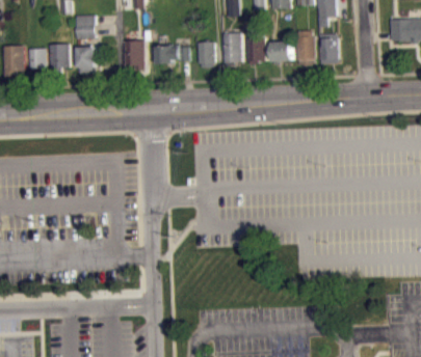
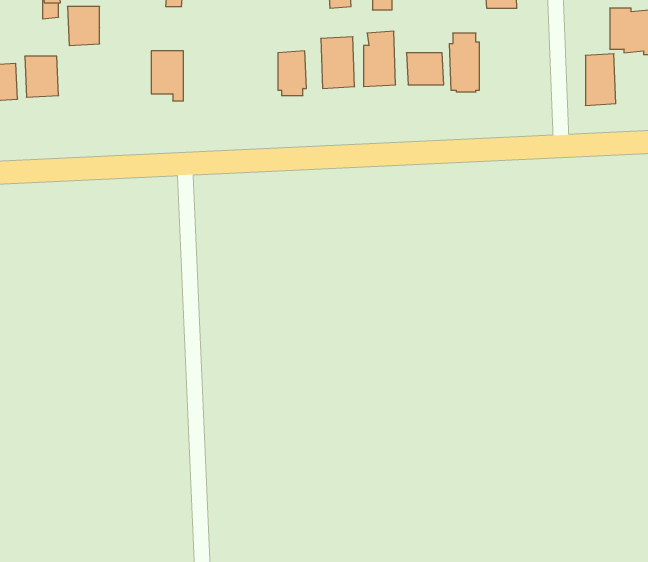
building: [321,33,339,63] -> [585,54,616,105]
building: [156,46,188,63] -> none
building: [77,47,97,74] -> none

